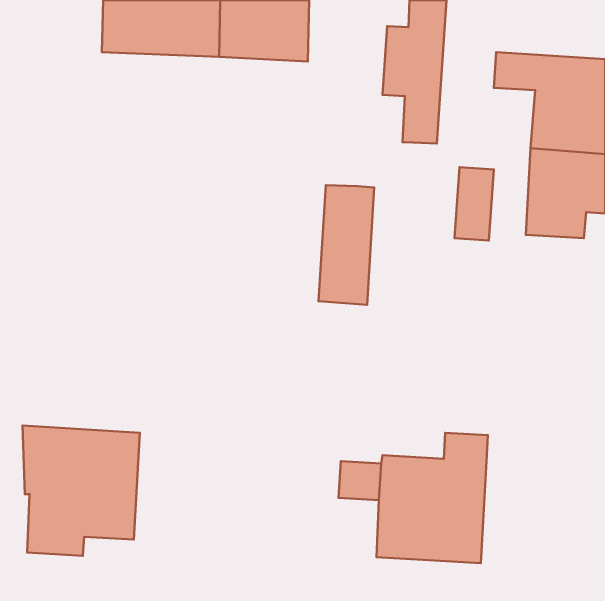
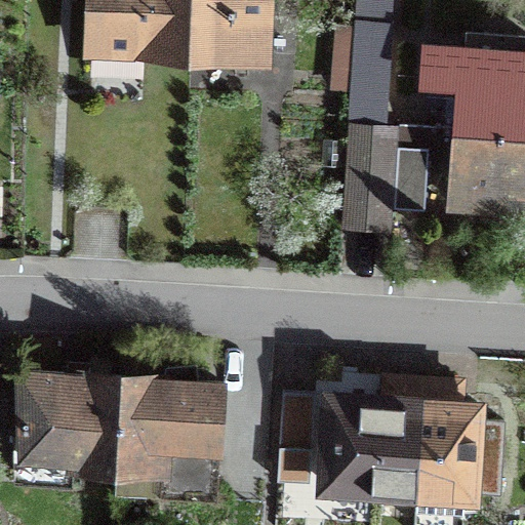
building: [319,185,374,305] -> [345,127,393,231]
building: none -> [116,367,223,498]
building: none -> [415,380,493,517]

